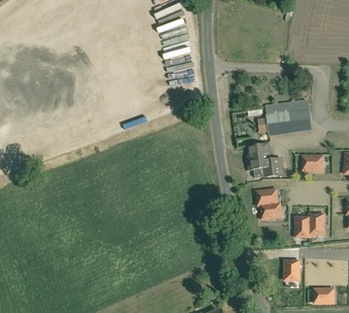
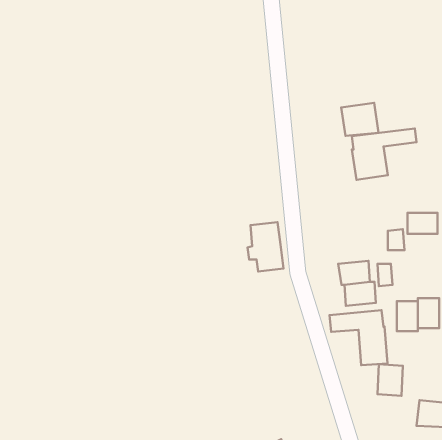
building: [286,109,312,132] -> [341,103,379,136]
building: [248,144,272,177] -> [248,222,284,272]
building: none -> [329,310,388,365]

